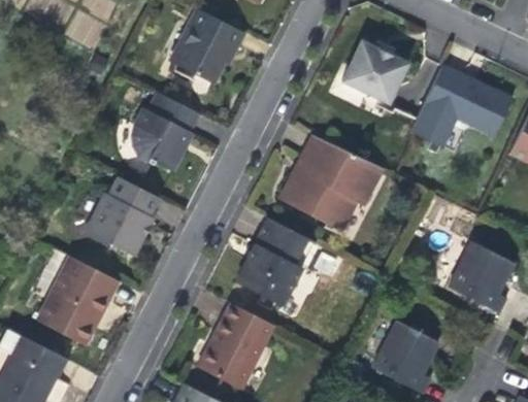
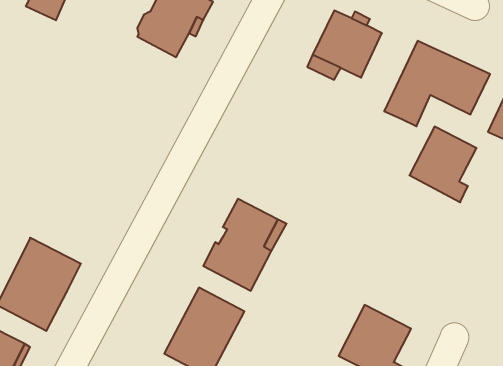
building: [135,93,201,171] -> none
building: [280,135,381,230] -> none
building: [90,176,159,256] -> none
building: [450,240,514,312] -> [409,127,477,202]

